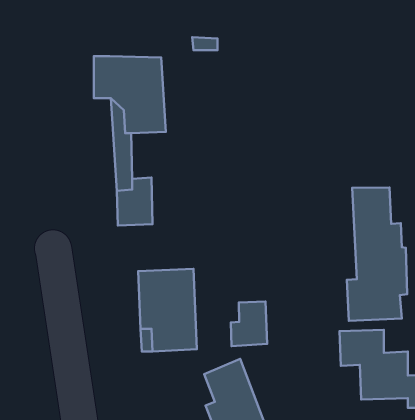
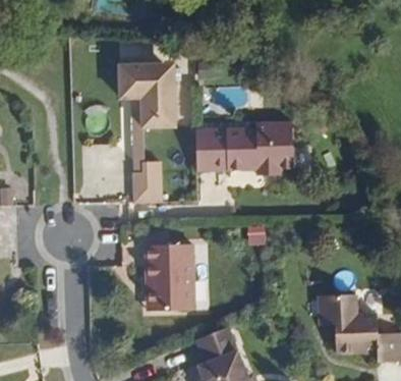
building: none -> [194,121,292,177]
building: [347,188,407,321] -> none
building: [231,301,267,346] -> none

